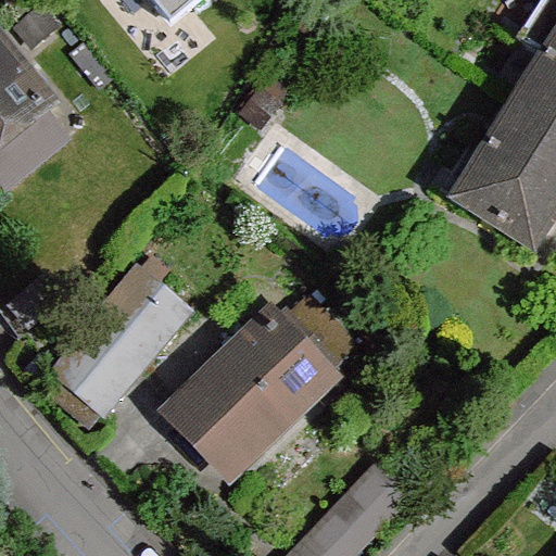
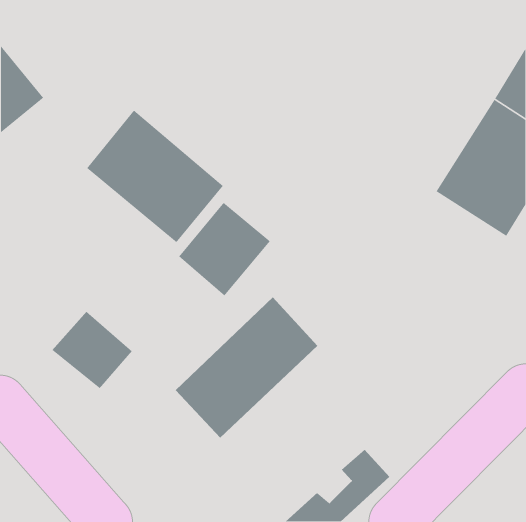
building: none -> [86,109,224,243]
building: [91,270,189,370] -> [178,202,271,297]

